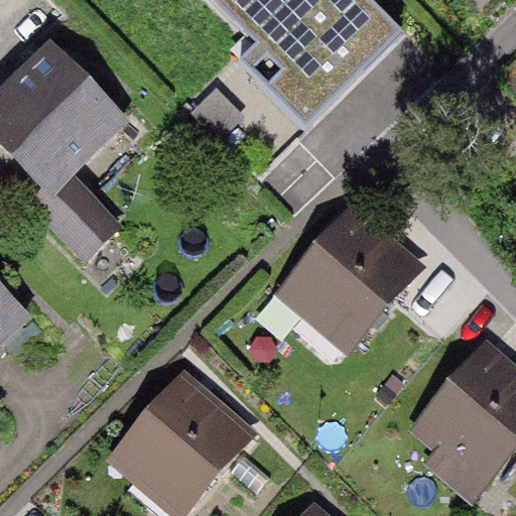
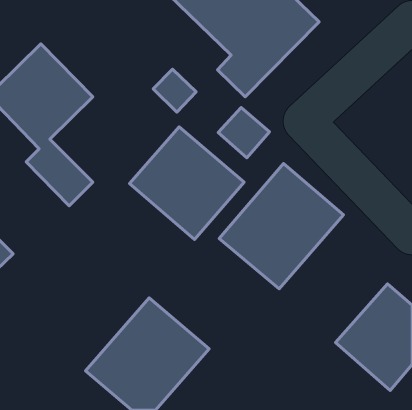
building: none -> [129,127,244,239]

